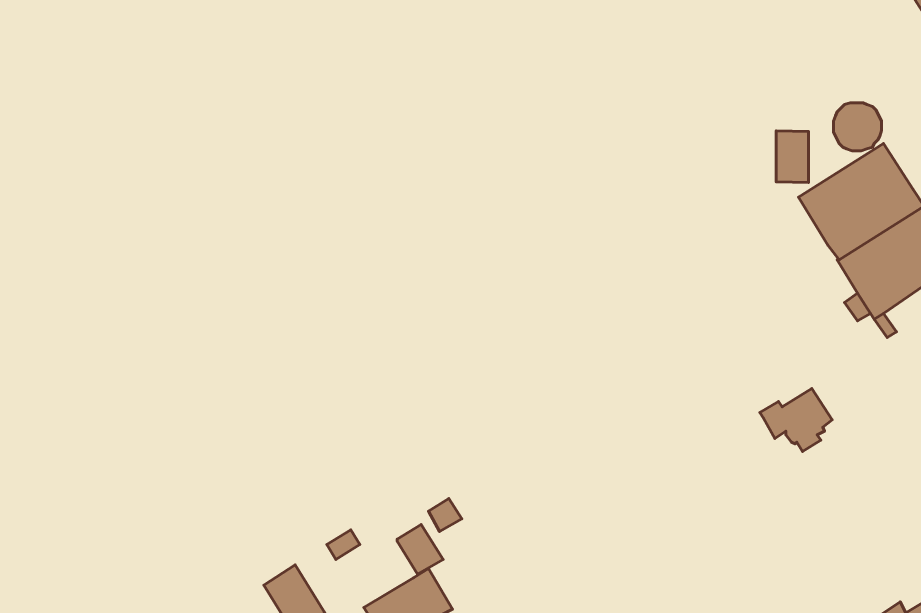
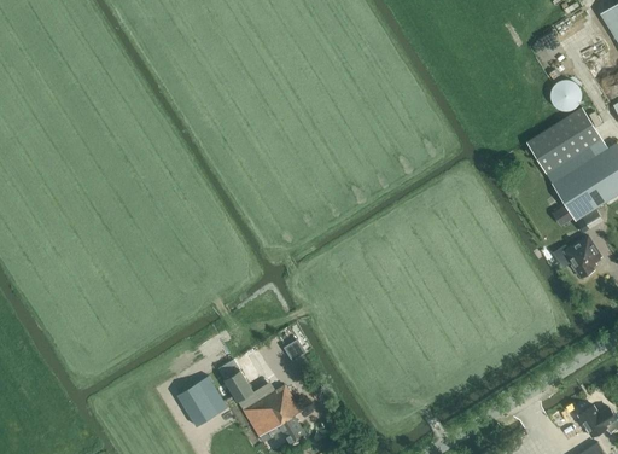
building: [776,131,809,183] -> none
building: [760,389,832,451] -> [554,237,601,278]
building: [397,524,443,574] -> [225,369,255,402]

